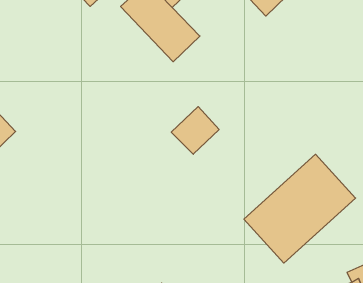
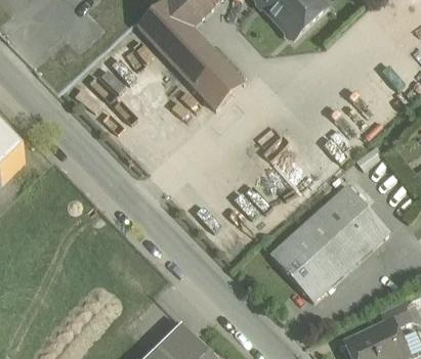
building: [171,107,219,154] -> [195,58,246,109]

